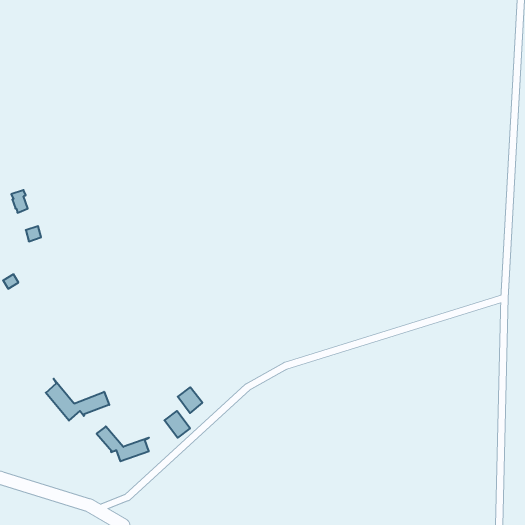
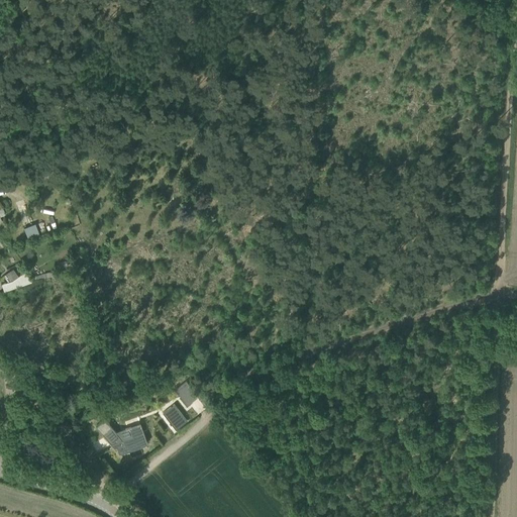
building: [46,379,109,421] -> none

